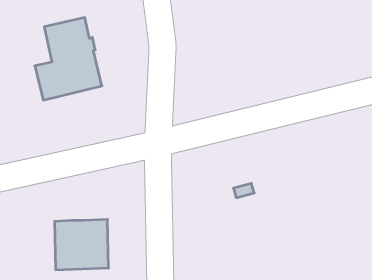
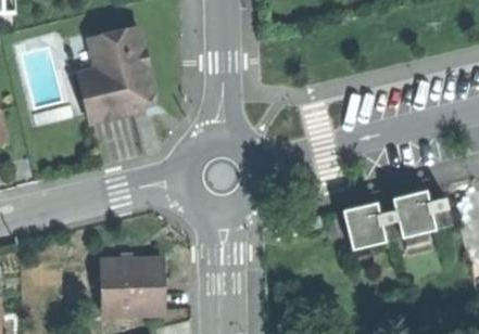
building: none -> [349,190,457,251]

